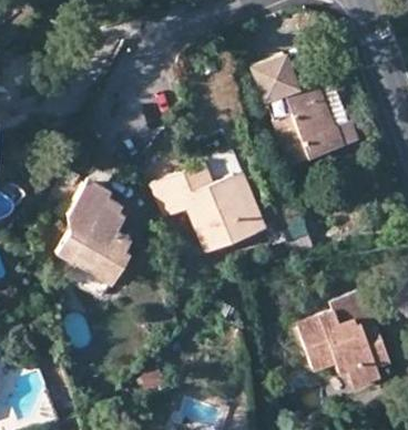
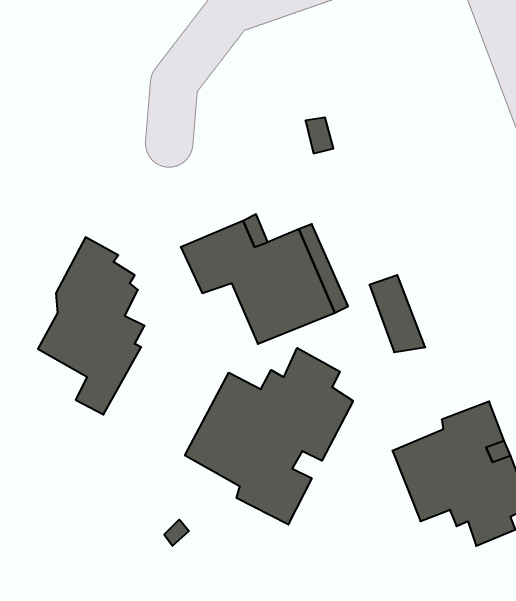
building: [252,53,354,165] -> none
building: none -> [185,348,353,525]

